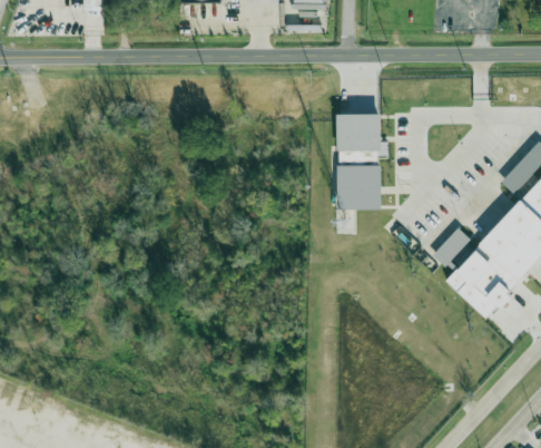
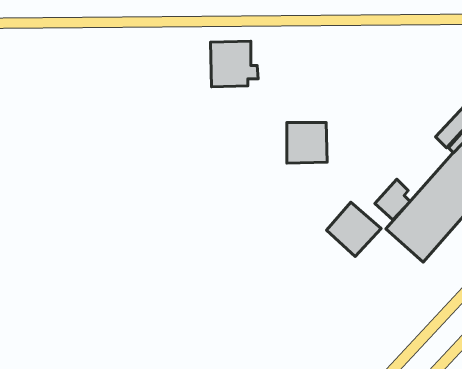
building: [336,113,388,163] -> [210,41,258,87]
building: none -> [326,202,381,257]

